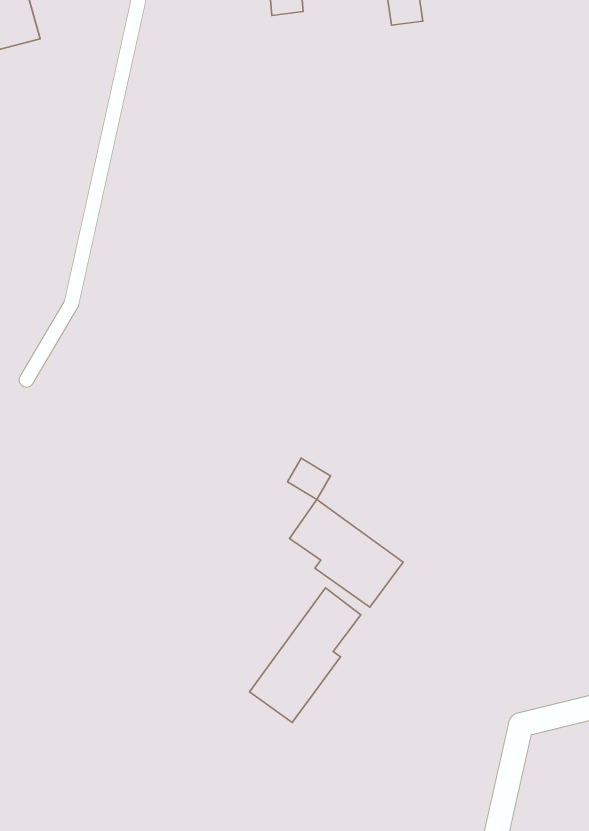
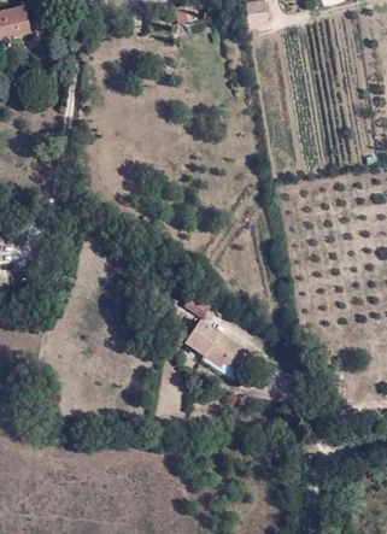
building: [249,588,361,722] -> none

